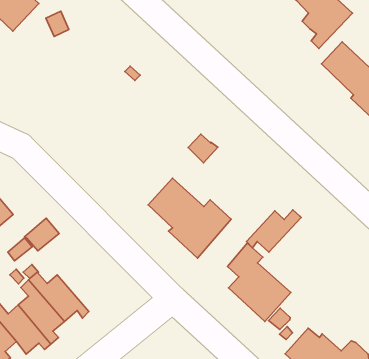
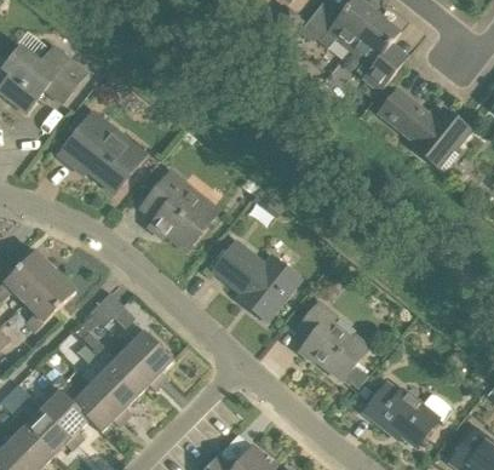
building: none -> [58,113,145,193]
building: none -> [140,171,218,250]
building: [246,210,301,252] -> none
building: none -> [125,320,173,384]

